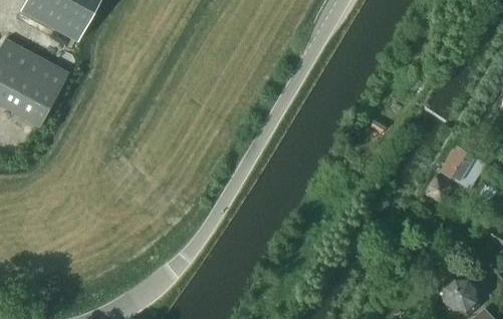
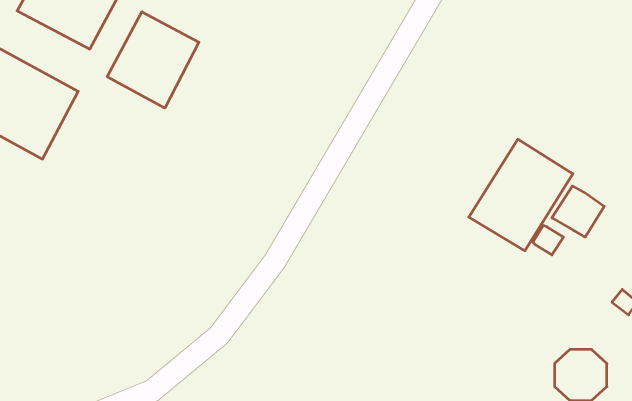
building: none -> [107,12,199,108]
building: none -> [469,139,573,251]

